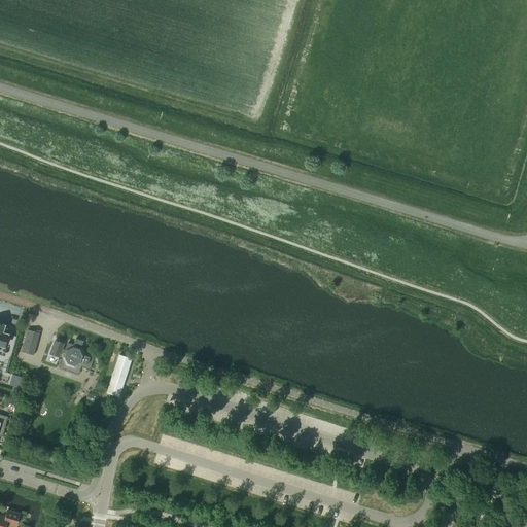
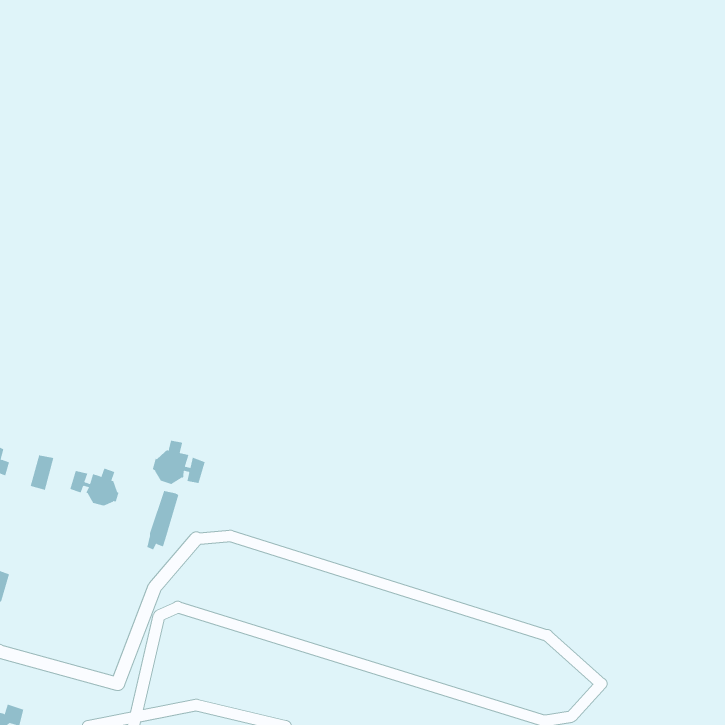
building: none -> [152,440,206,485]

